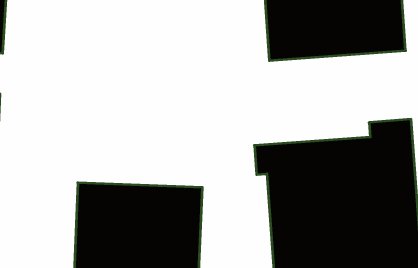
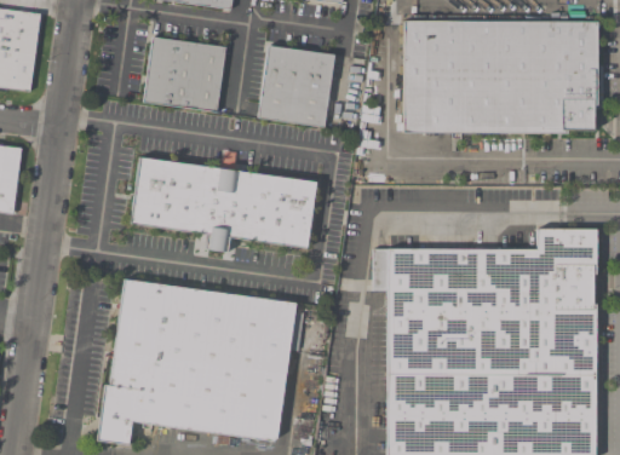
building: none -> [143,36,226,111]
building: none -> [257,46,335,126]
building: none -> [131,159,316,250]

